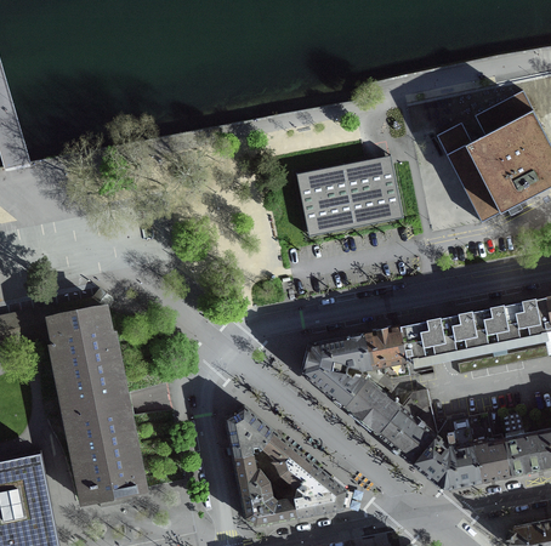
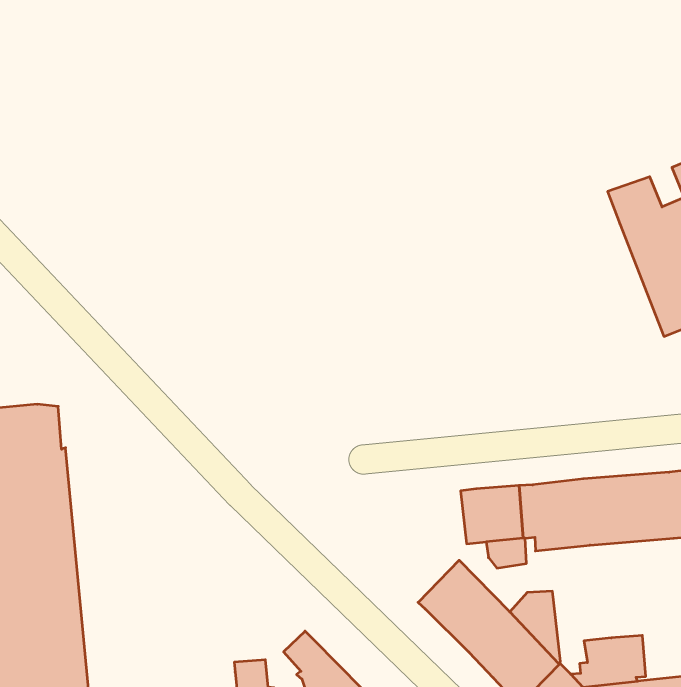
building: [296,157,403,238] -> none
building: [301,335,370,408] -> none
building: [225,408,274,457] -> none

